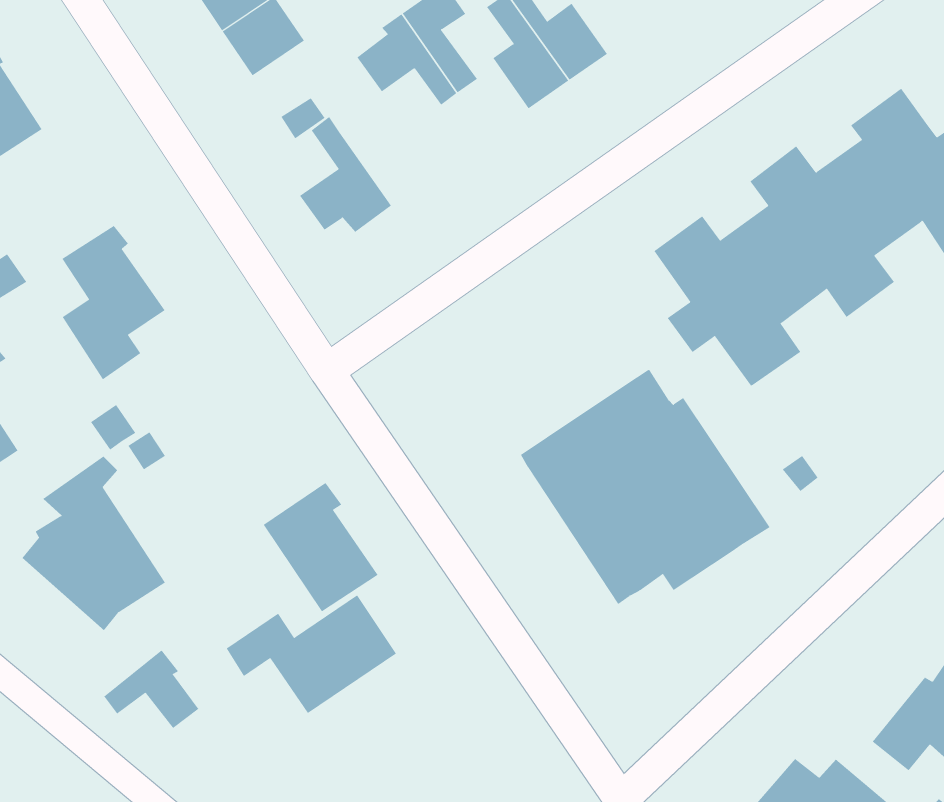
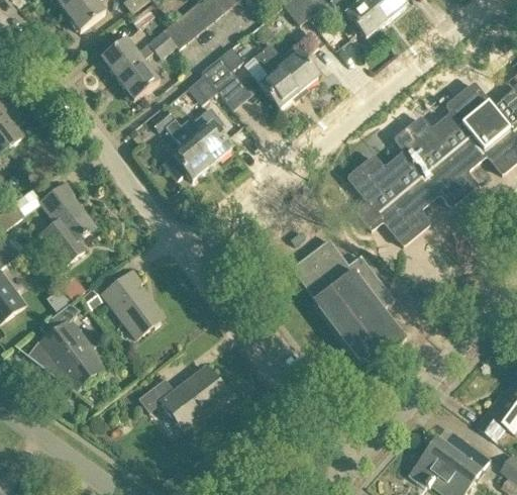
building: none -> [181,119,230,163]
building: [263,482,378,612] -> [101,269,163,336]
building: [103,650,199,729] -> none

